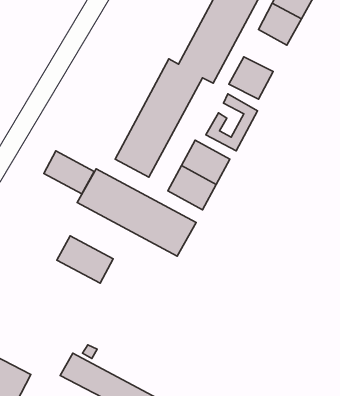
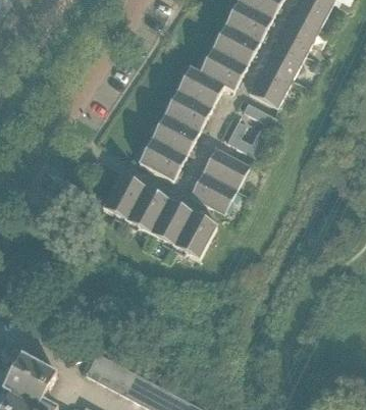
building: none -> [263,38,305,79]
building: [44,151,94,194] -> none
building: [57,236,113,283] -> none

